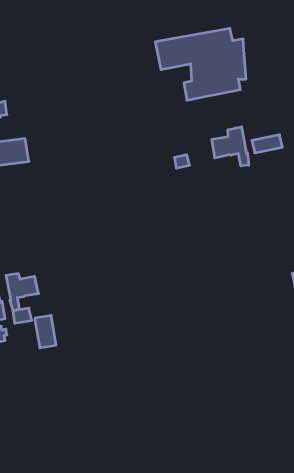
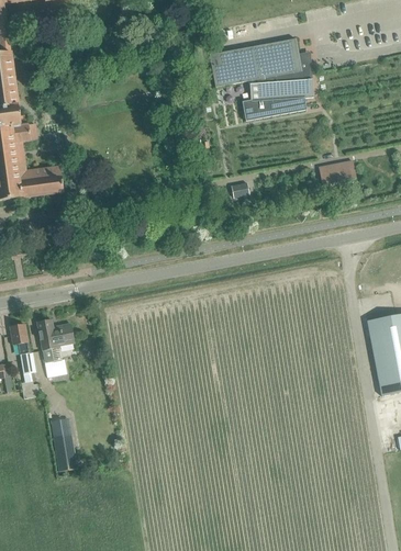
building: [212,127,249,166] -> none
building: [35,315,56,348] -> [53,434,77,471]

